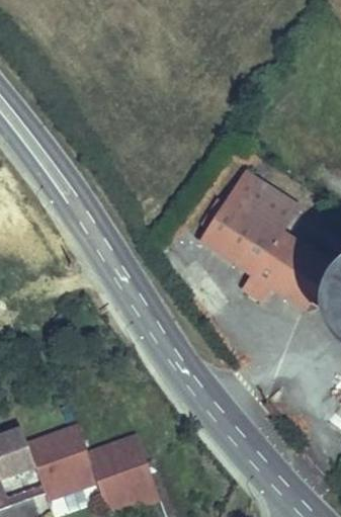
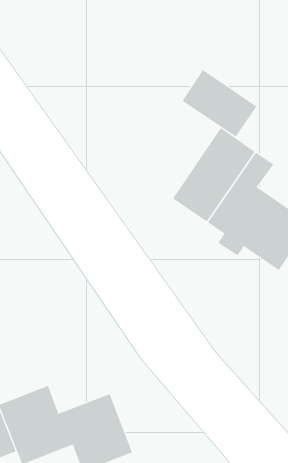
building: none -> [182,69,257,137]

